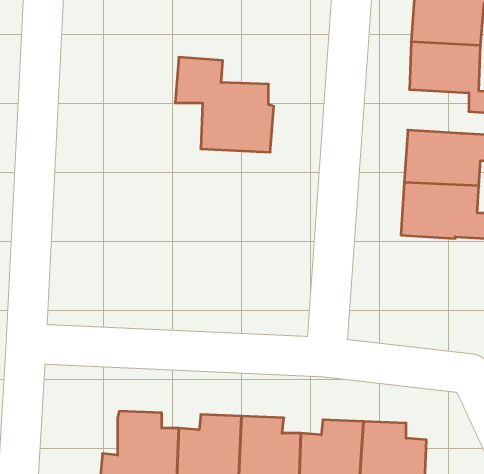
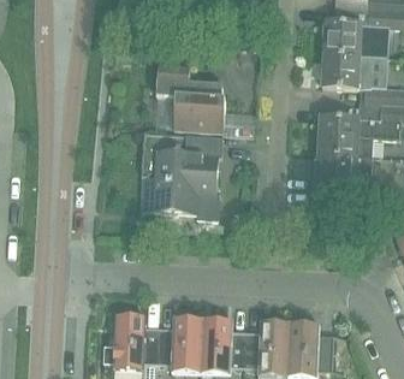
building: none -> [142,131,222,219]

